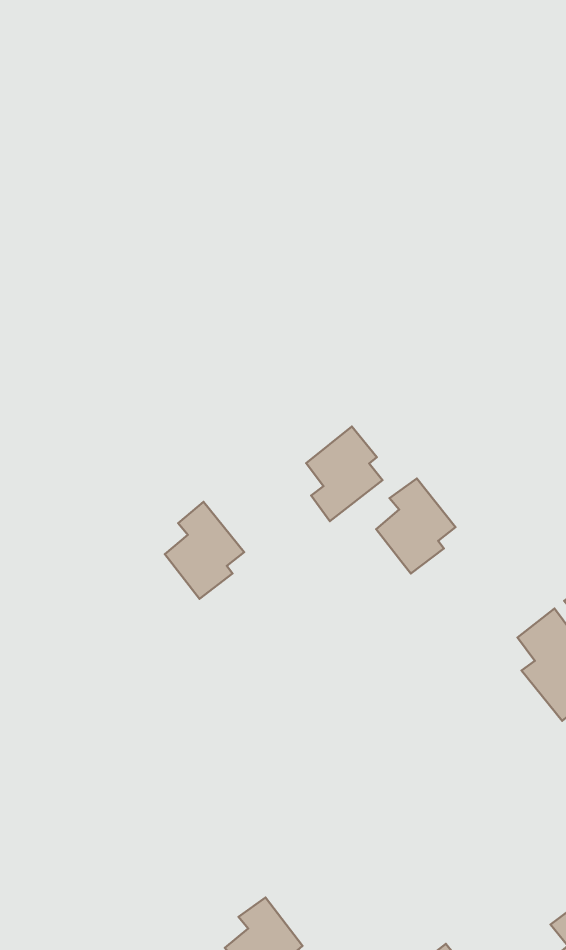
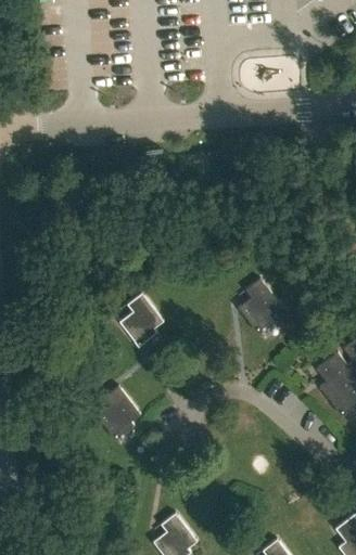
building: [306,427,383,521] -> none
building: none -> [97,386,140,440]

